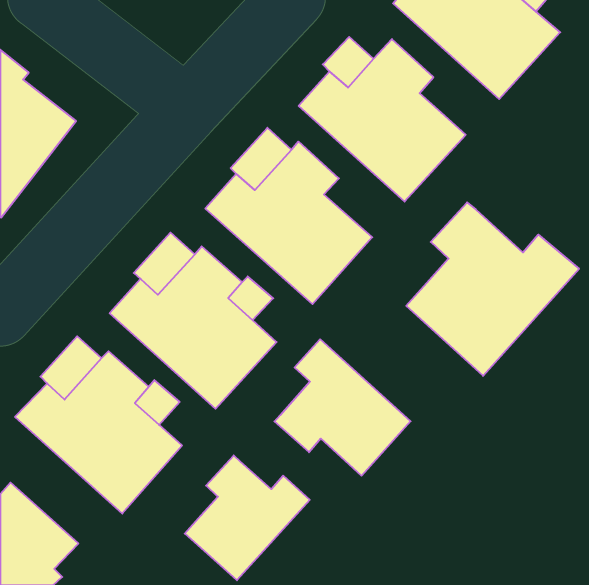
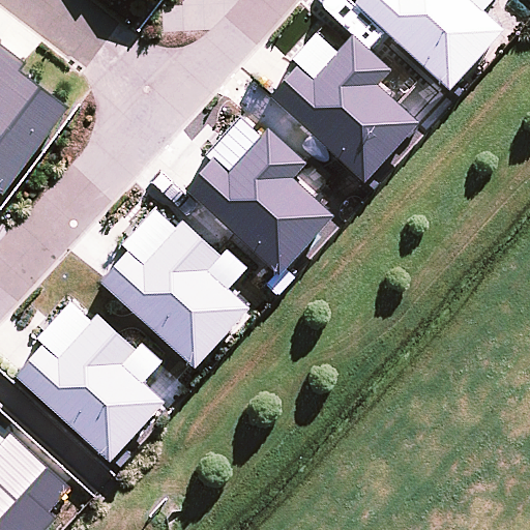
building: [406,202,579,376] -> none
building: [274,339,411,476] -> none
building: [185,455,310,580] -> none

